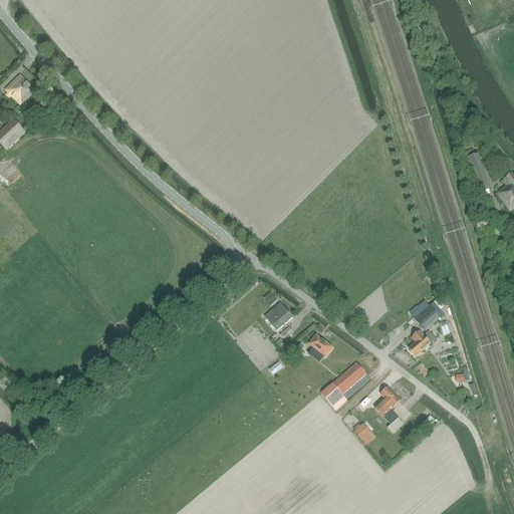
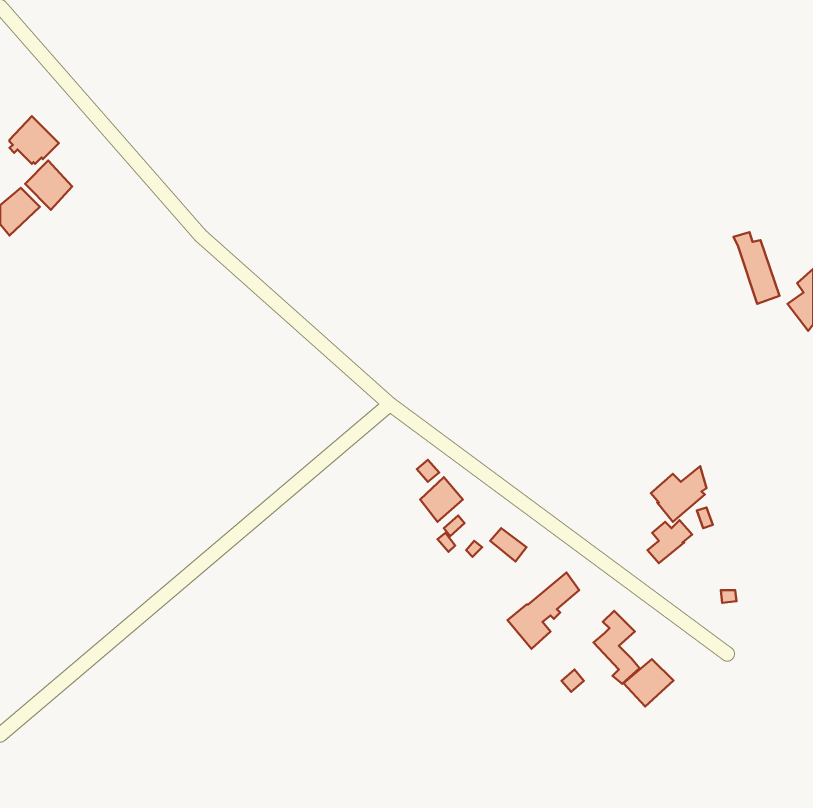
building: none -> [25,161,72,210]
building: none -> [624,659,674,706]

